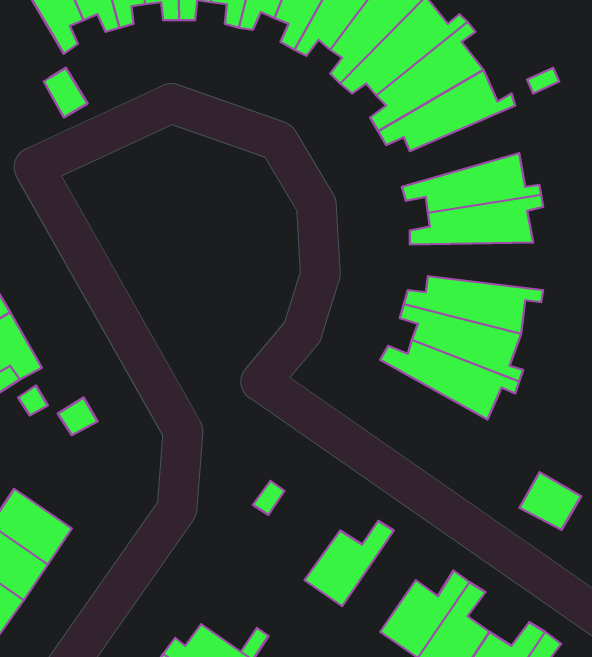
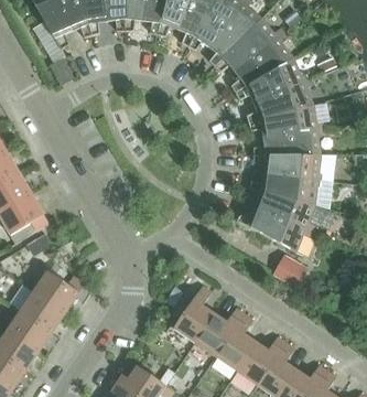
building: none -> [246,77,314,122]
building: none -> [252,153,327,180]
building: none -> [33,270,85,312]
building: [520,472,581,530] -> [273,254,307,286]
building: none -> [173,285,214,341]
building: none -> [215,313,256,369]

